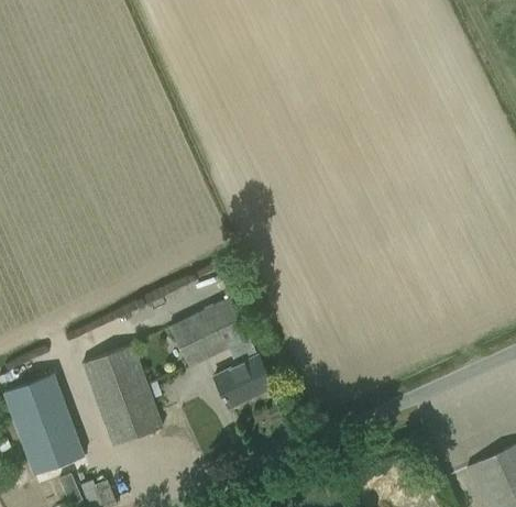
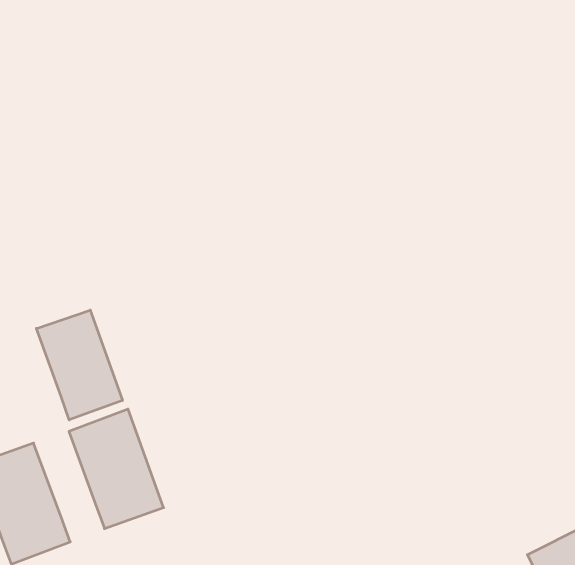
building: none -> [36,310,122,420]
building: [169,299,272,410] -> none

